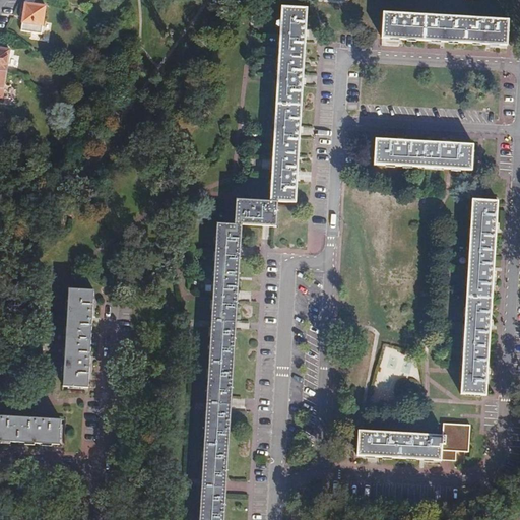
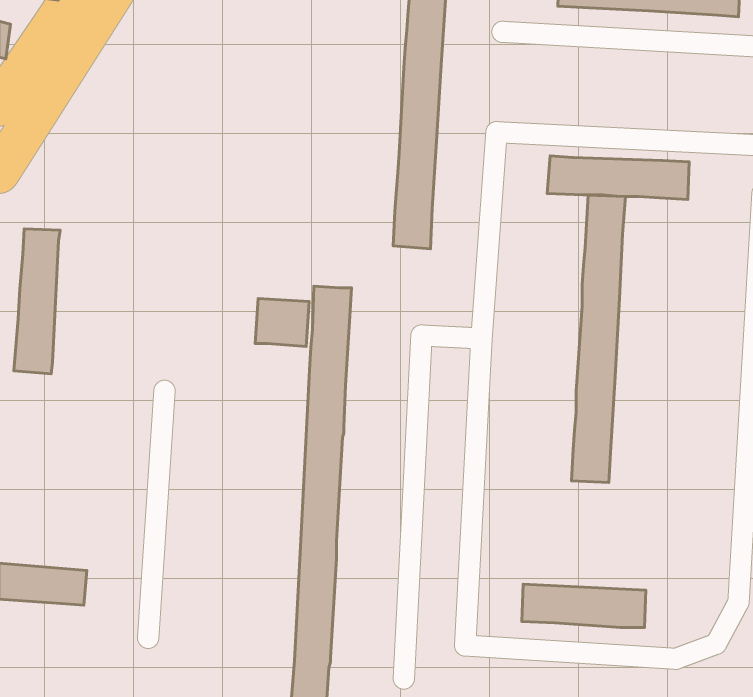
building: [233,197,269,230] -> [255,299,309,346]
building: [461,197,498,392] -> [572,195,625,482]
building: [62,288,93,387] -> [14,229,60,374]
building: [440,420,468,459] -> none

